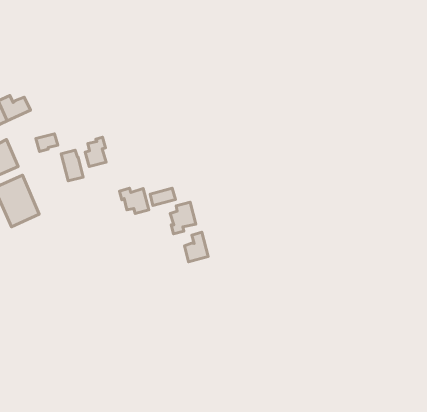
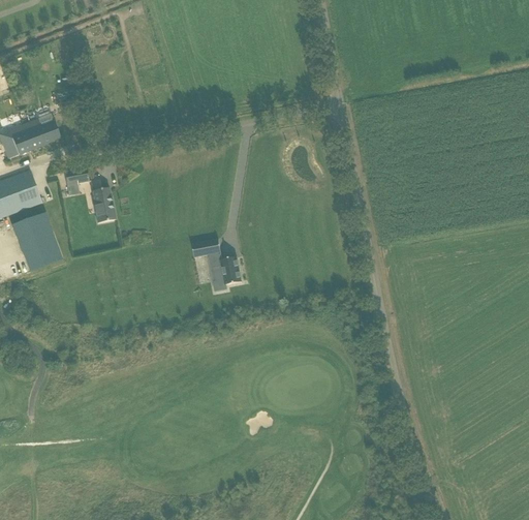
building: [85,137,106,166] -> none
building: [120,188,149,213] -> none
building: [184,232,208,262] -> none

